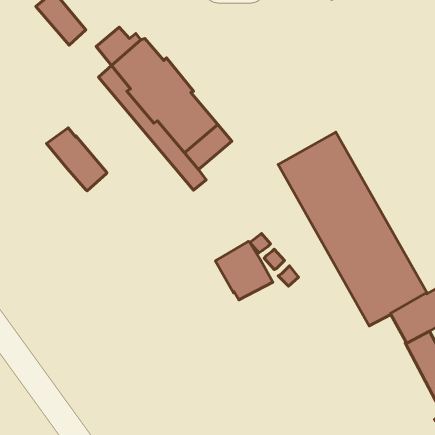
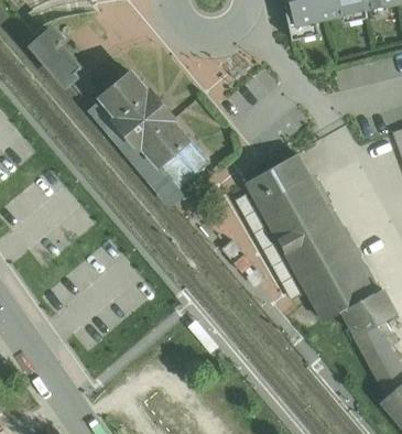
building: [46,128,107,191] -> none
building: [216,241,273,300] -> none

